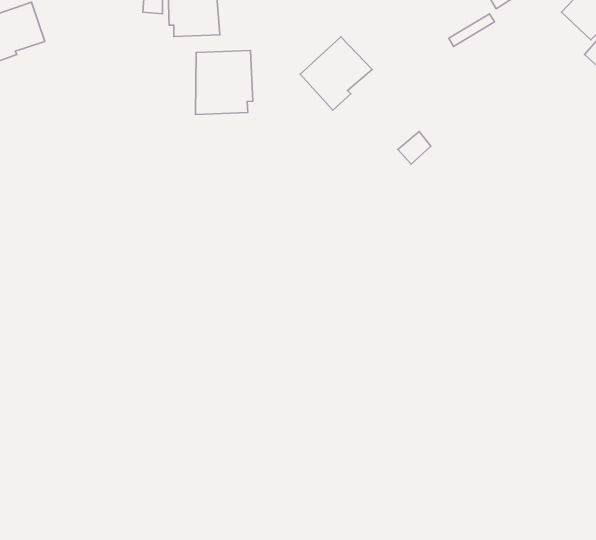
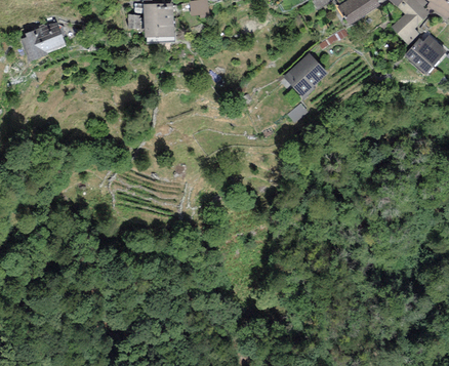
building: [300,37,372,110] -> [283,51,328,97]
building: [196,51,253,114] -> none

